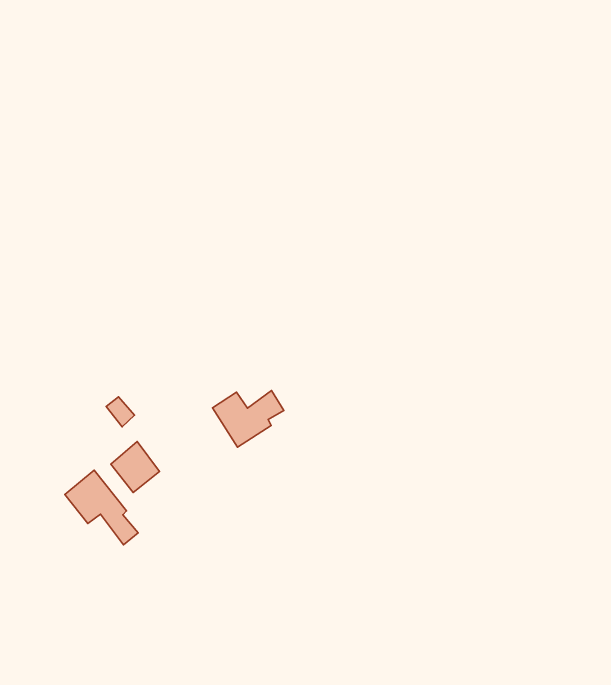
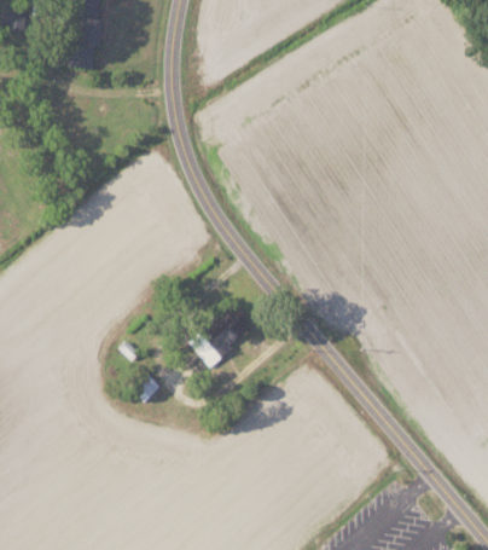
building: [65,470,138,545] -> none

